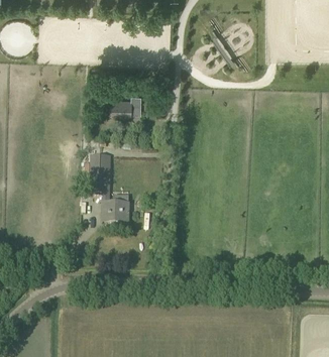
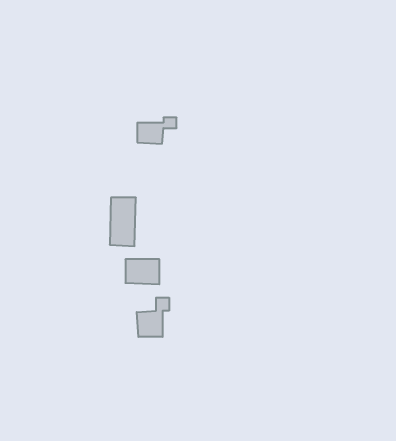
building: none -> [137,298,169,337]

